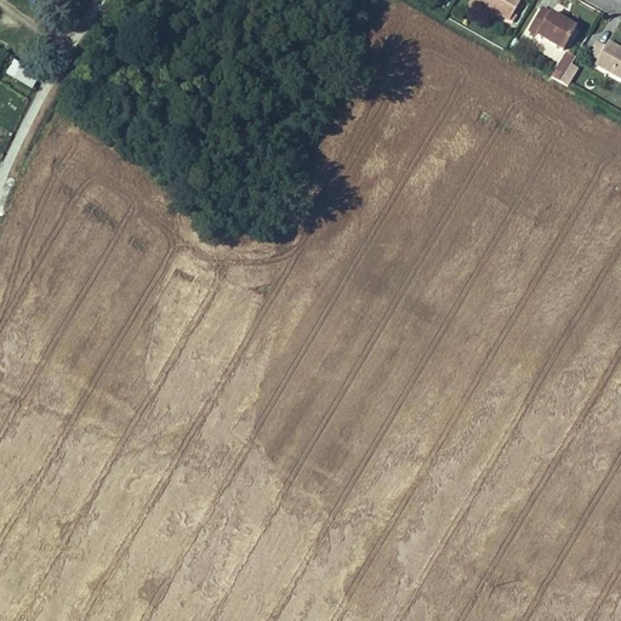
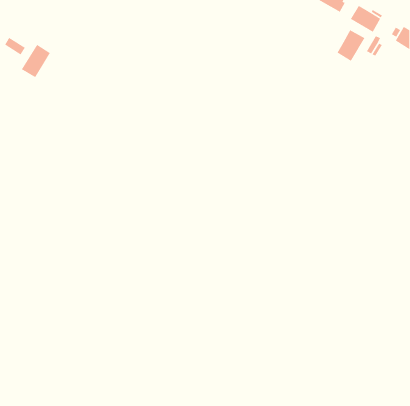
building: none -> [337,29,365,62]
building: none -> [21,44,51,78]

